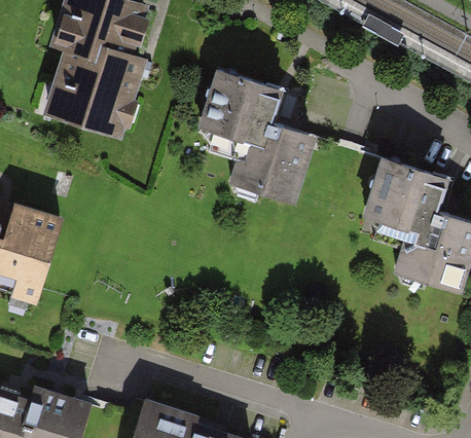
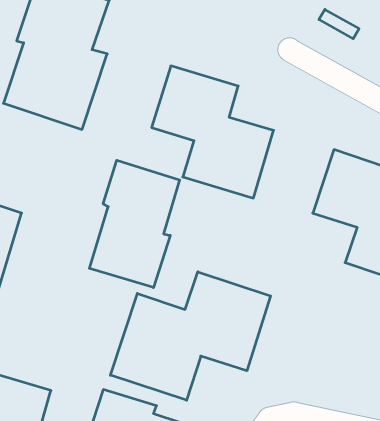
building: none -> [89,160,180,288]
building: none -> [110,272,271,400]

